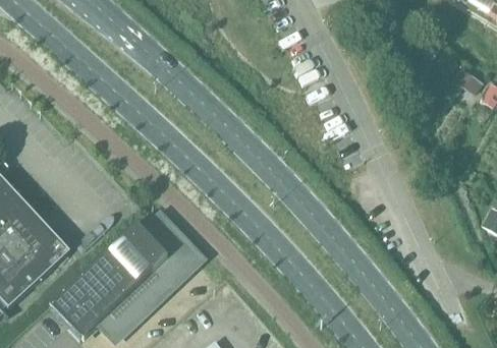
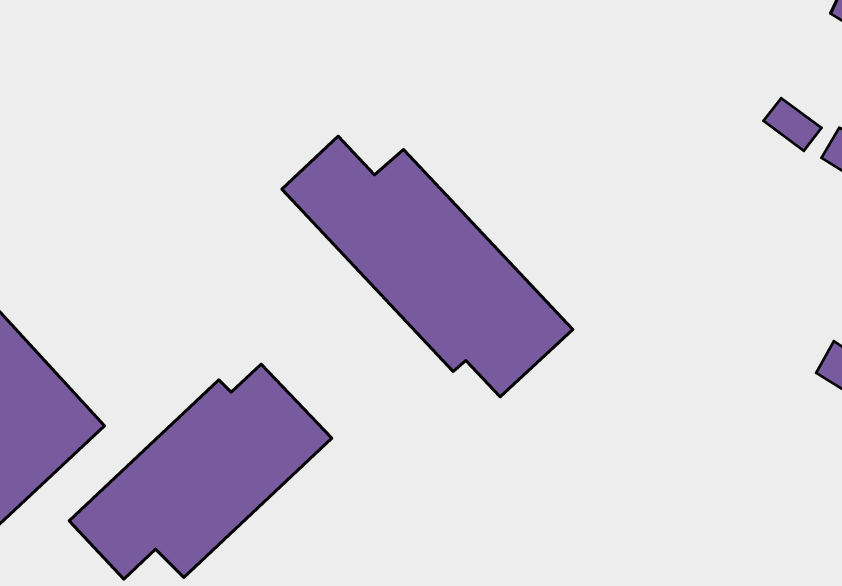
building: none -> [282,136,573,397]

